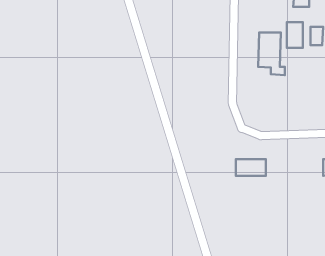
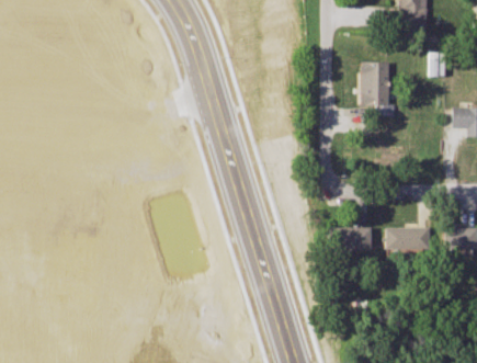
building: [287,22,303,48] -> none
building: none -> [385,228,429,250]

